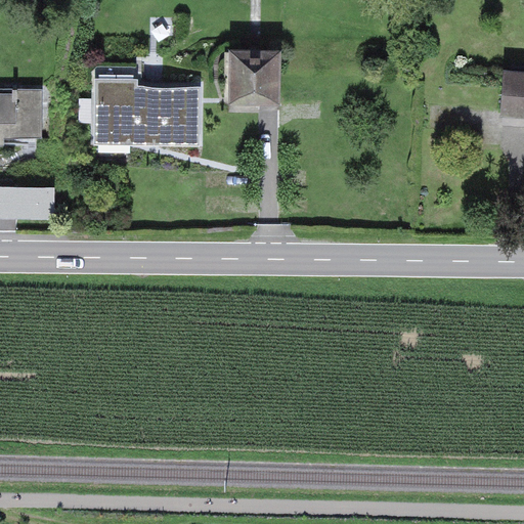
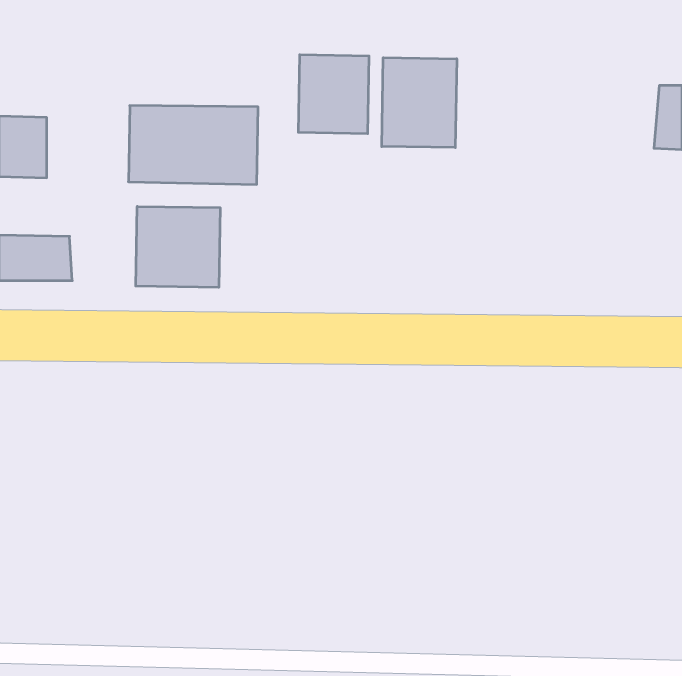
building: none -> [382,58,457,148]
building: none -> [136,206,220,287]

